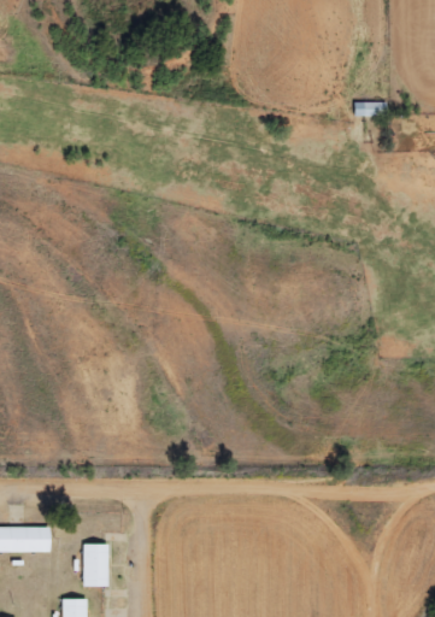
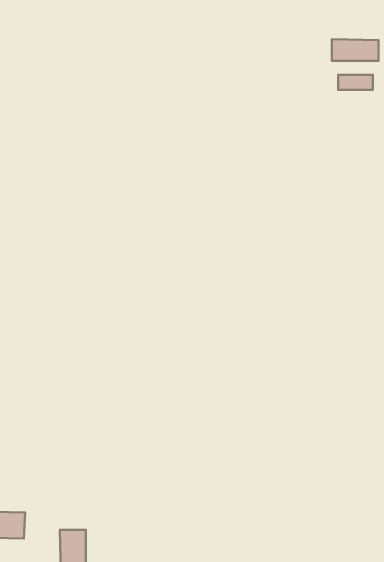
building: none -> [332,39,378,61]

